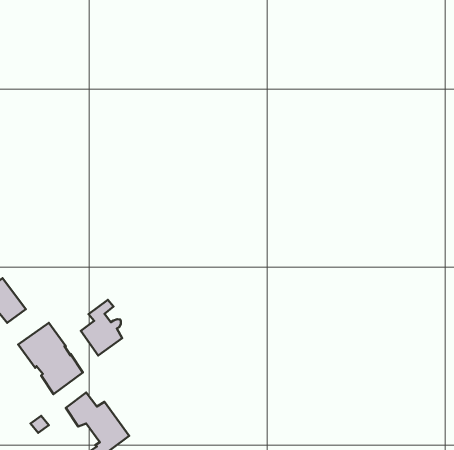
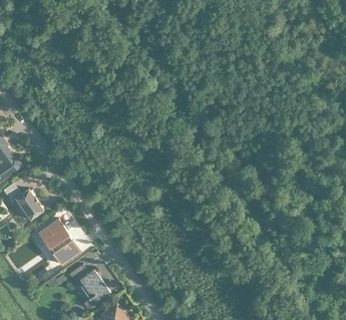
building: [81,300,122,356] -> none

